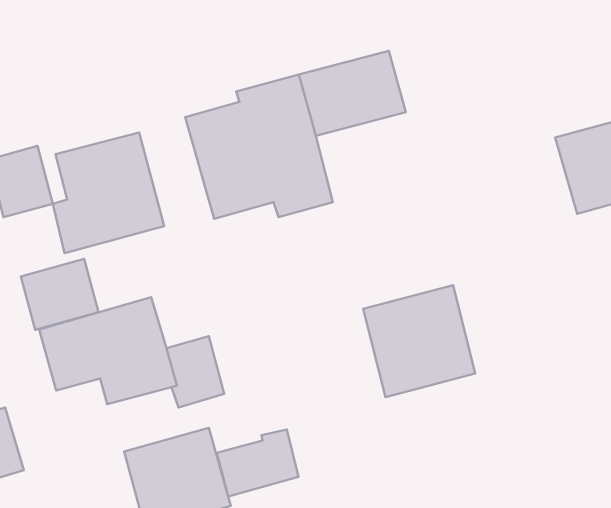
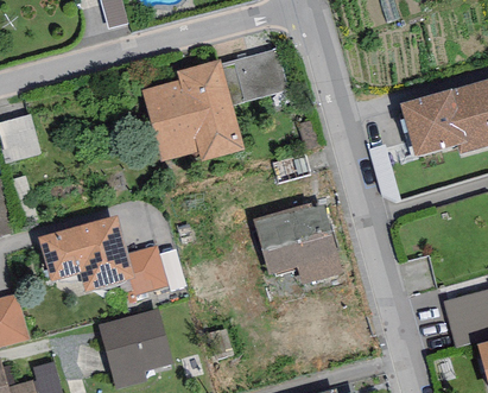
building: [53,132,164,253] -> none
building: [21,259,98,330] -> none
building: [217,429,298,496] -> none

